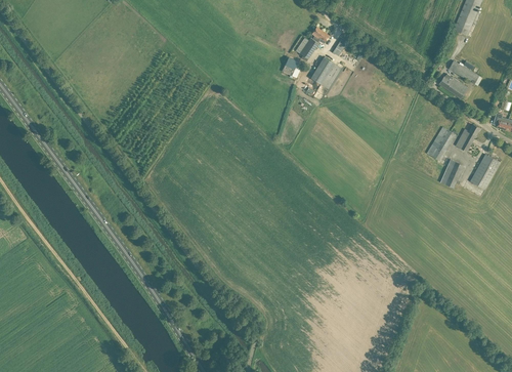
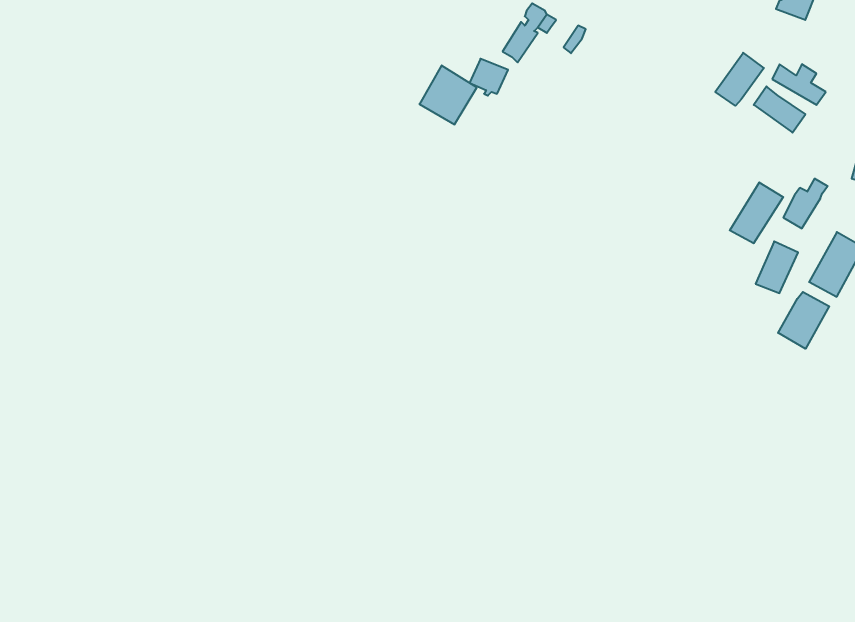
building: none -> [715,53,764,106]
building: [310,56,342,89] -> [419,65,477,124]
building: none -> [778,292,829,349]

